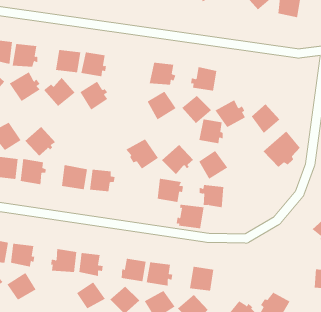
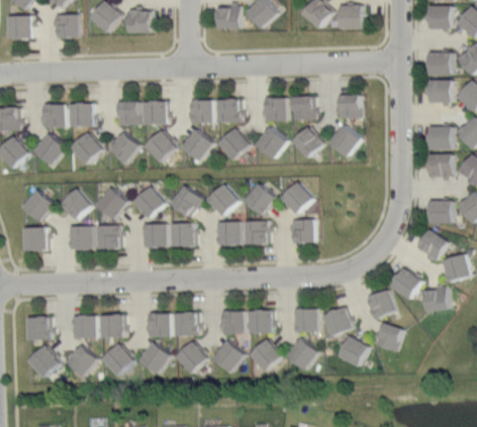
building: none -> [188,99,213,123]
building: none -> [335,94,360,119]
building: none -> [180,128,214,161]
building: [198,119,224,144] -> [290,96,316,119]
building: [262,130,300,168] -> none
building: none -> [133,186,166,219]
building: none -> [170,186,202,217]
building: [176,204,204,229] -> [214,220,242,244]
building: none -> [389,266,421,301]
building: none -> [365,290,394,319]
building: none -> [321,306,352,338]
building: none -> [137,341,171,373]

